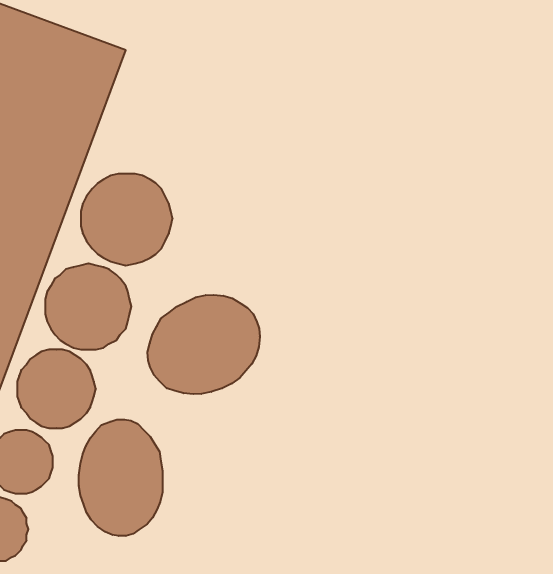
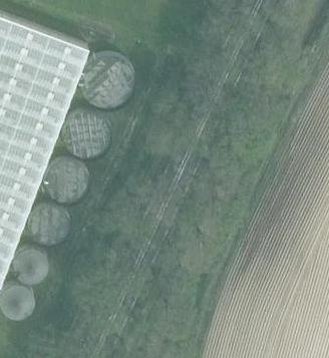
building: none -> [78,53,134,109]
building: [147,295,260,394] -> none
building: [79,420,163,536] -> none

